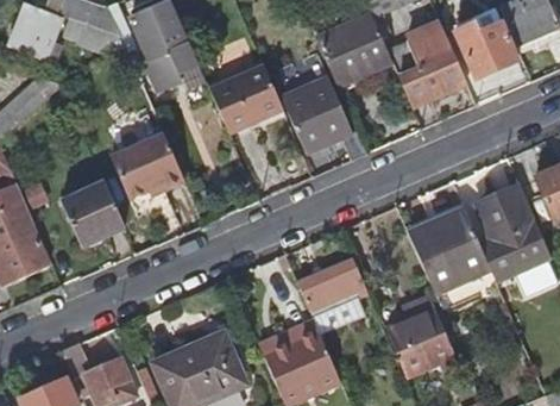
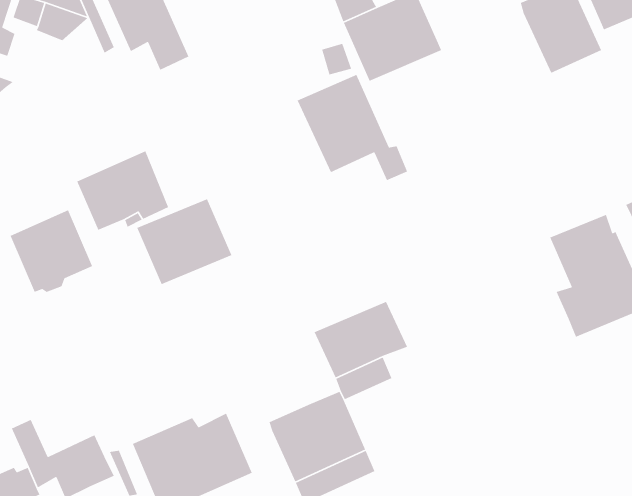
building: [389,30,467,106] -> none
building: [208,65,282,132] -> [136,198,232,285]
building: [408,206,489,289] -> none
building: [396,312,452,377] -> none

